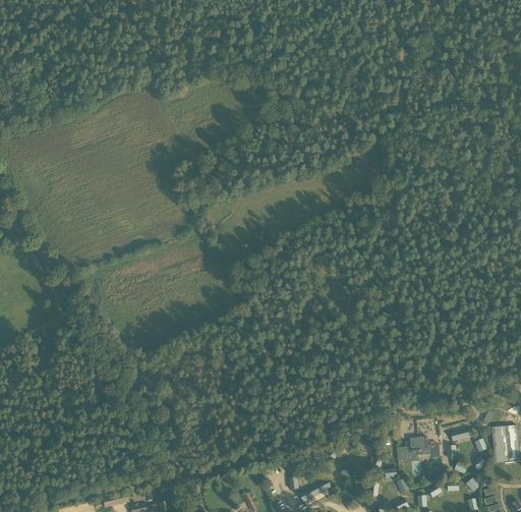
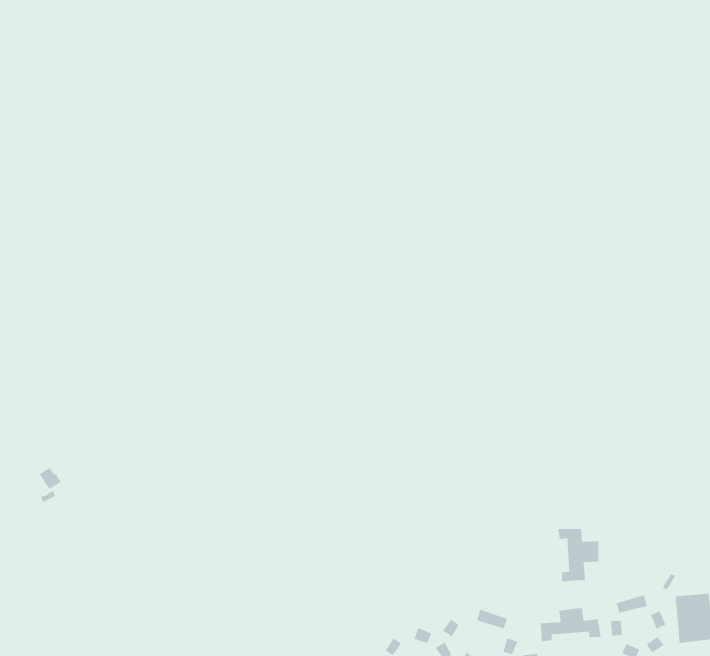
building: none -> [558,528,599,582]

